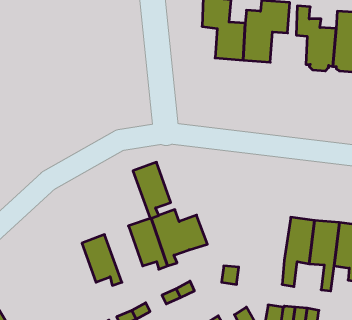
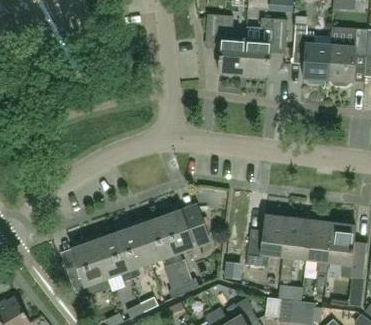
building: [133,162,171,219] -> [116,225,151,277]
building: none -> [246,214,288,266]
building: none -> [68,241,111,296]

